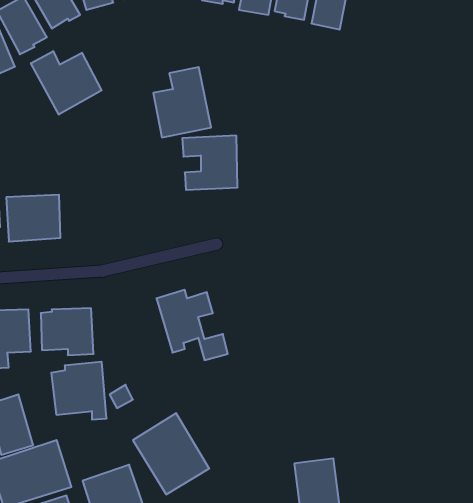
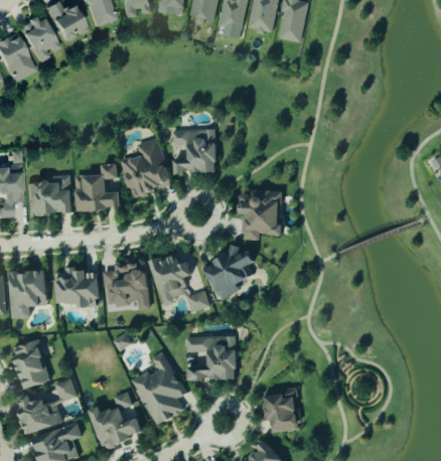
building: [31,51,102,115] -> none
building: [153,67,211,137] -> [122,139,169,196]
building: none -> [75,163,120,211]
building: none -> [240,189,283,240]
building: none -> [202,246,255,300]
building: [51,362,107,420] -> [104,263,149,310]
building: none -> [185,337,235,381]

